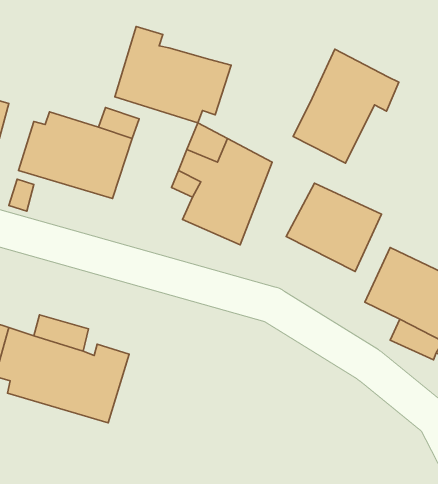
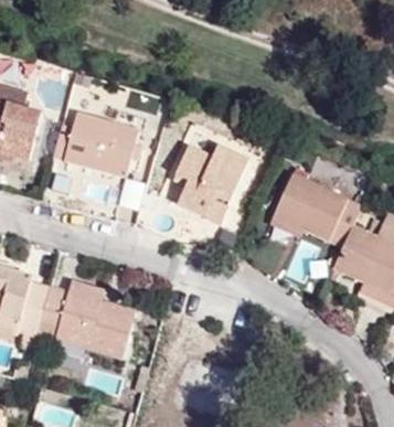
building: [115,27,231,123] -> none
building: [293,49,399,163] -> none

